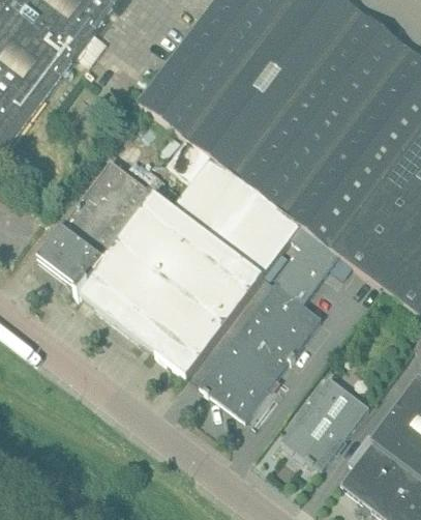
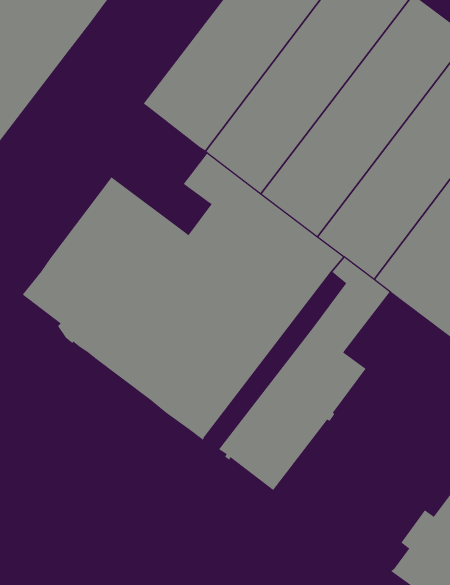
building: [281,376,368,469] -> none

